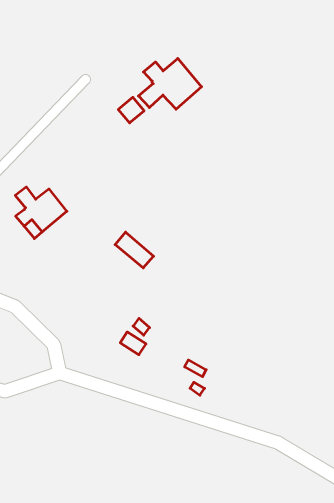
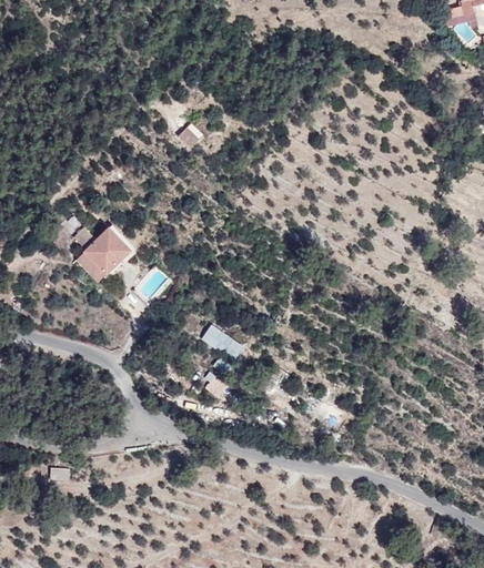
building: [138,58,202,109] -> none
building: [115,232,154,268] -> [201,324,243,361]

